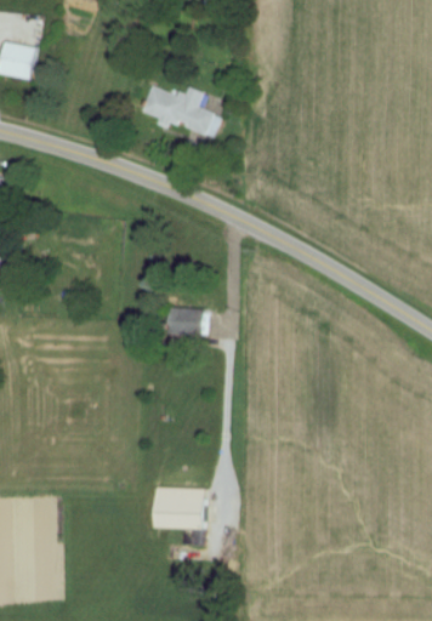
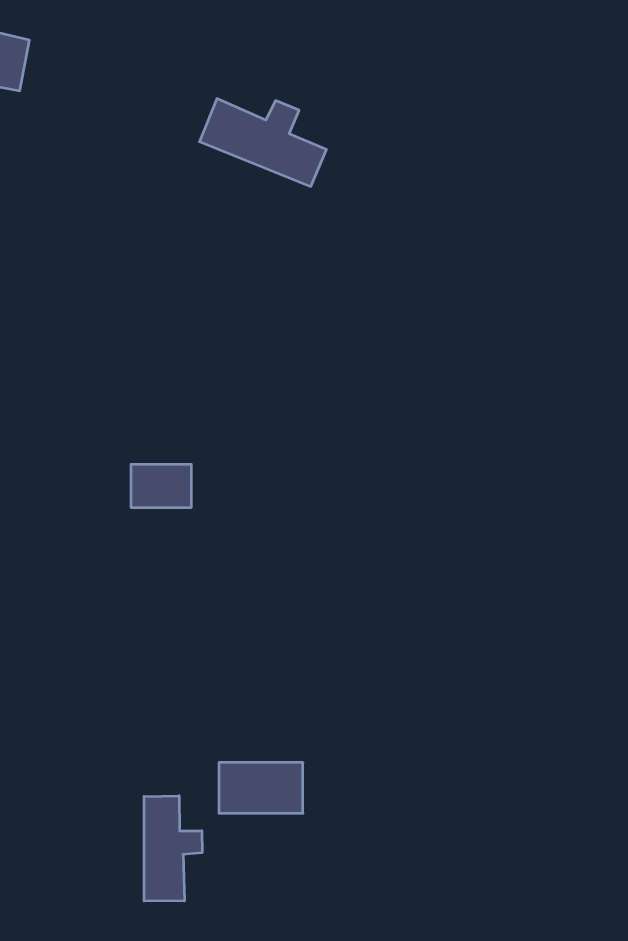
building: [169,308,206,335] -> [131,464,191,507]
building: none -> [144,796,202,901]

